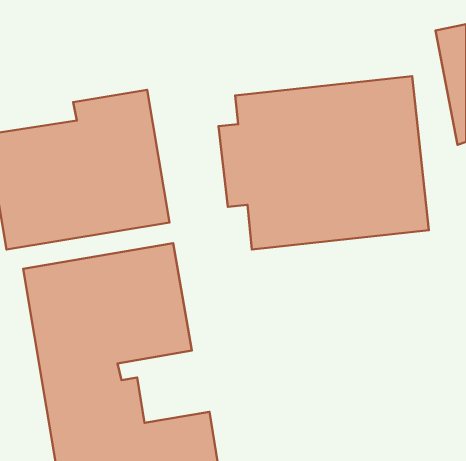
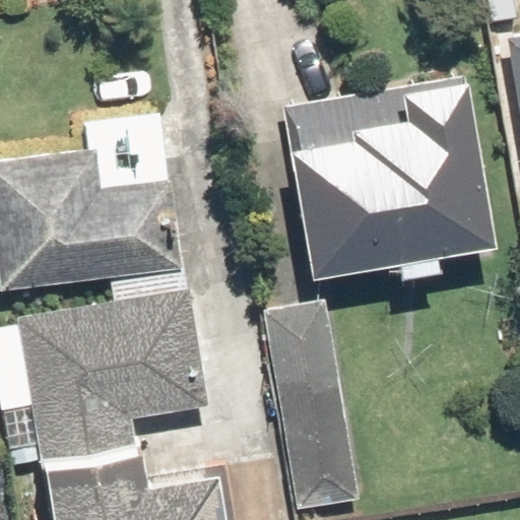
building: none -> [263,304,356,515]

